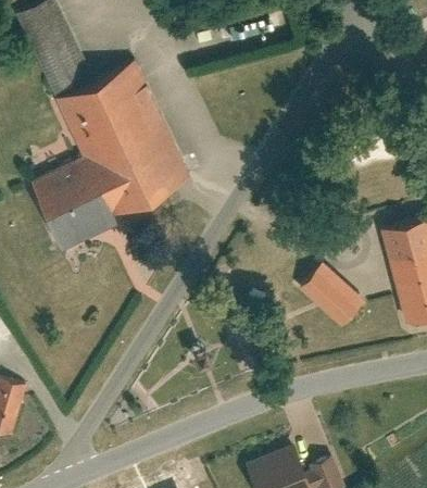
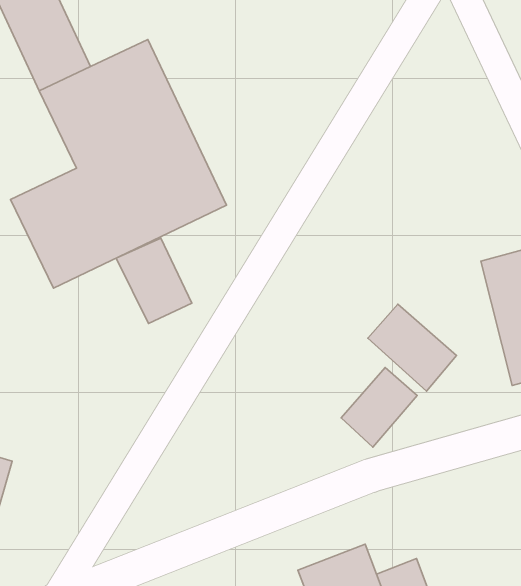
building: none -> [116,238,192,324]
building: none -> [341,368,417,447]

